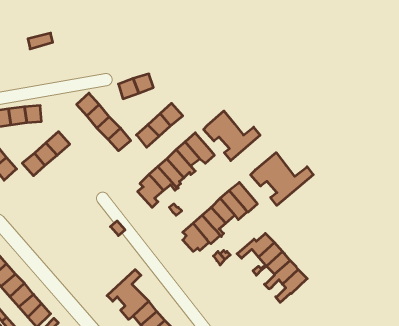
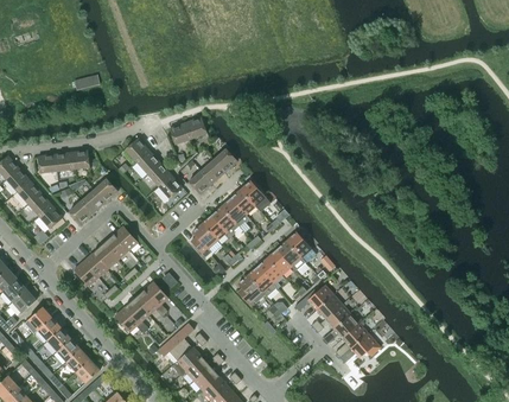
building: [204,111,260,161] -> none
building: [251,153,313,205] -> none
building: none -> [72,225,136,286]
building: none -> [113,280,167,333]
building: none -> [338,332,380,362]

